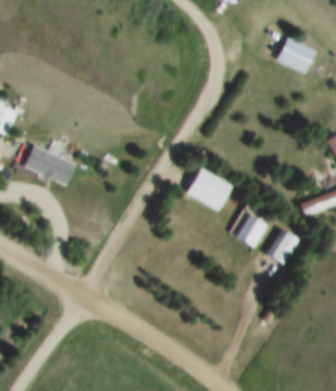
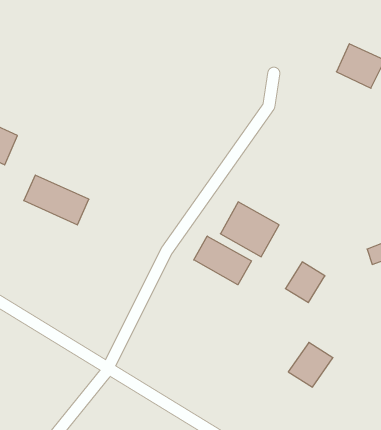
building: none -> [194,236,251,285]
building: [266,229,302,265] -> [288,342,333,387]

